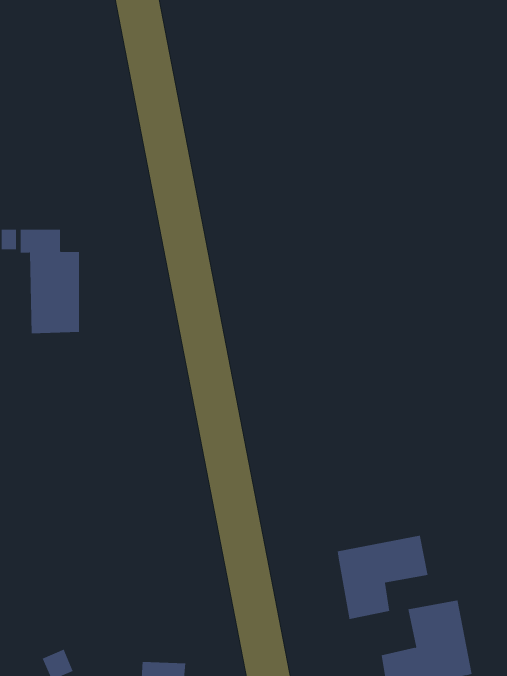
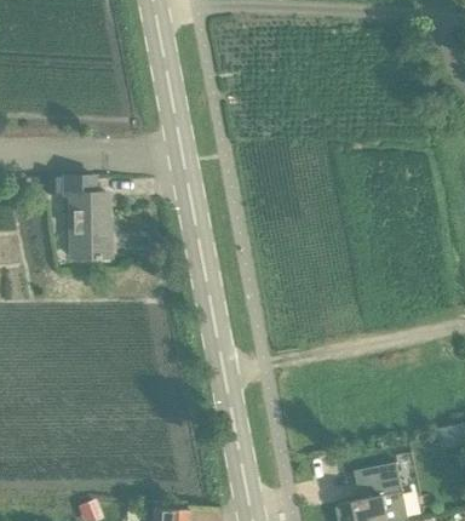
building: [337,535,428,620] -> none

